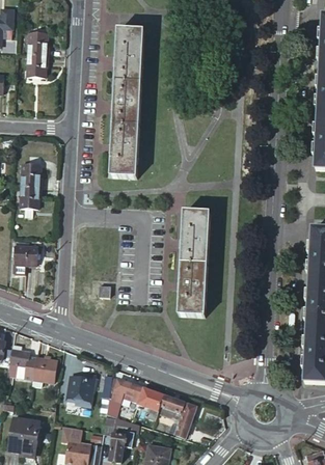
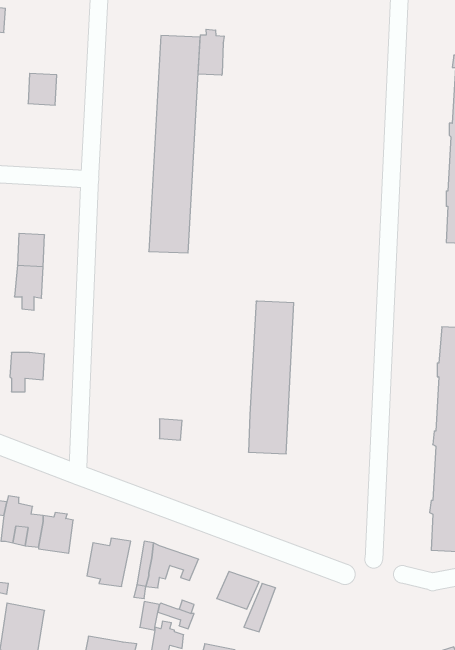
building: none -> [198,29,224,75]
building: [27,30,47,54] -> none
building: [136,387,164,420] -> none

